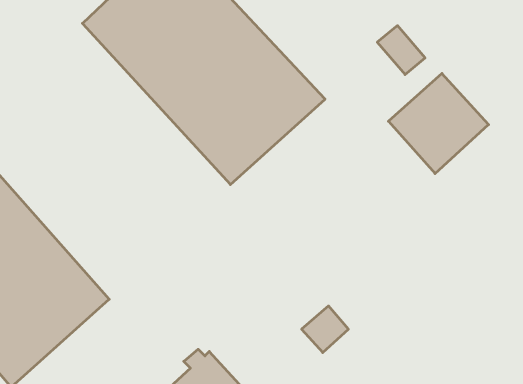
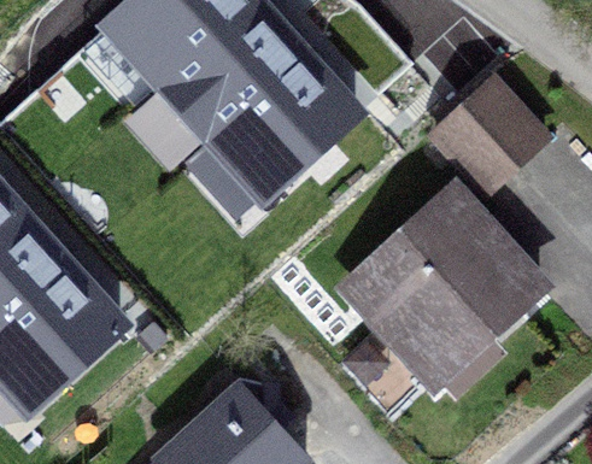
building: none -> [345,194,534,382]

